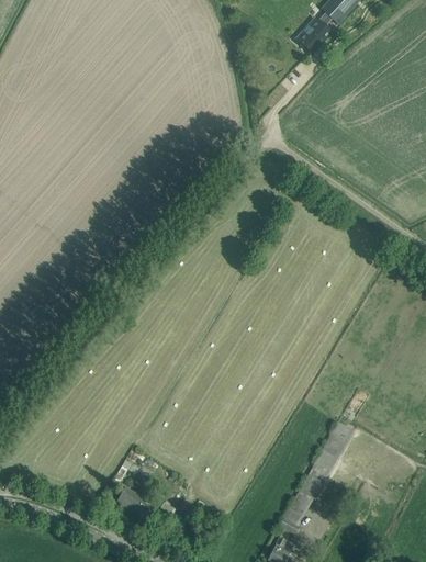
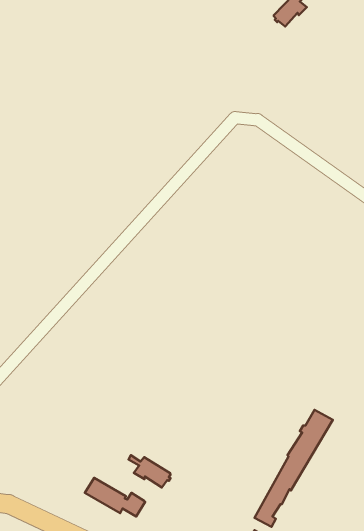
building: none -> [128,455,171,487]

